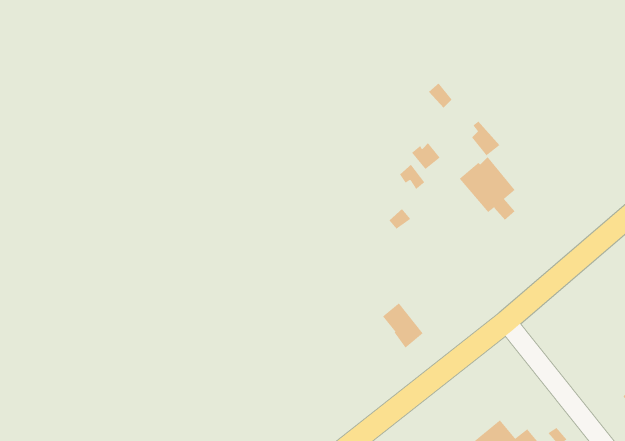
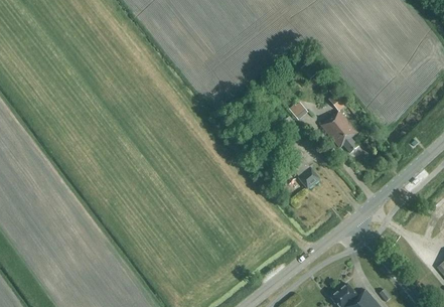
building: [382,303,424,349] -> [292,158,319,188]

